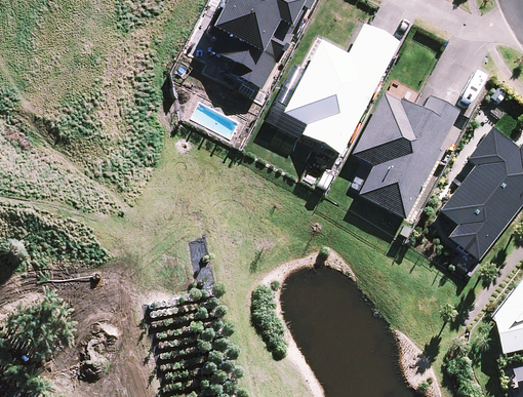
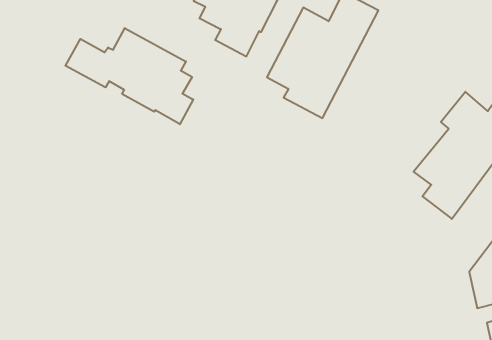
building: none -> [65,28,193,124]
building: [351,92,459,219] -> none

